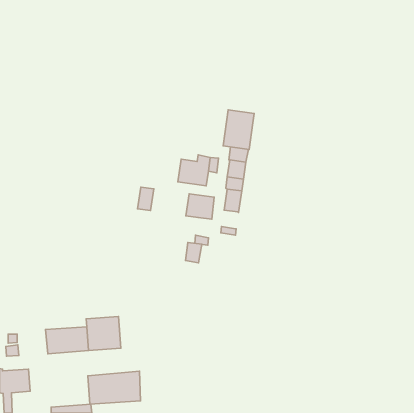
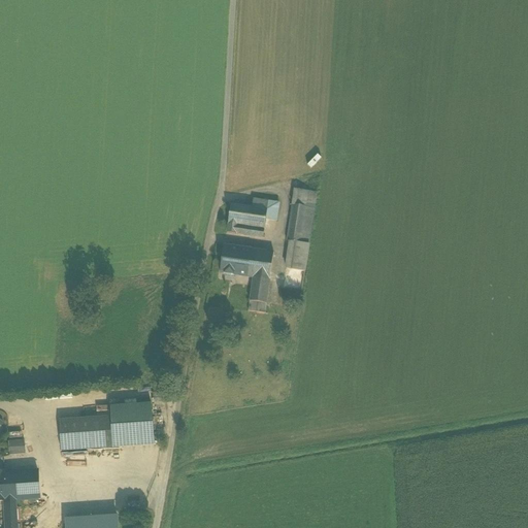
building: [223,110,254,149] -> none
building: [138,187,154,211] -> [220,244,240,274]
building: [185,243,202,263] -> [249,276,269,302]
building: [88,371,141,404] -> none

